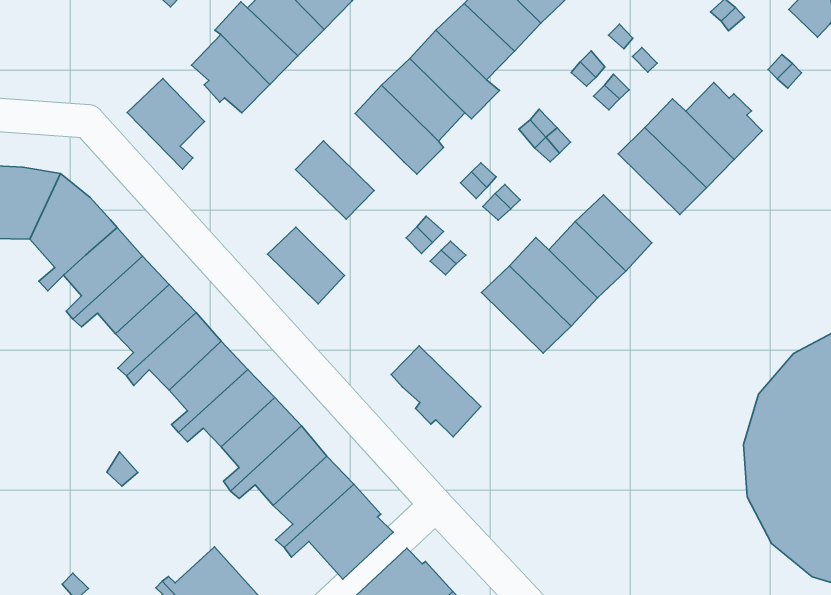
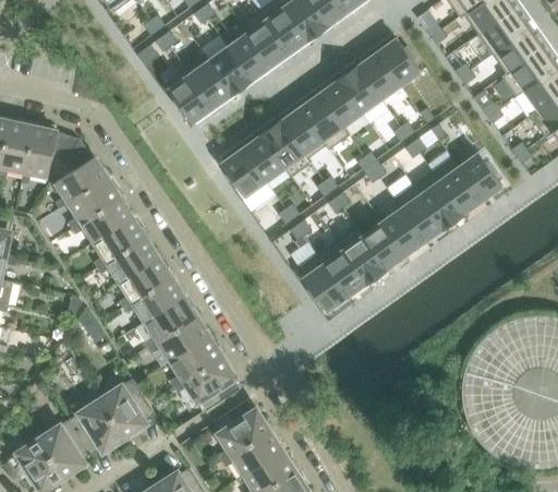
building: [127,79,205,169] -> none
building: none -> [395,185,445,242]
building: [268,227,344,304] -> [242,134,286,182]
building: [391,346,481,437] -> [299,254,349,312]

